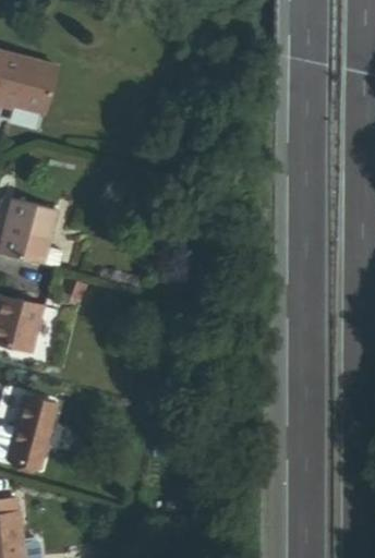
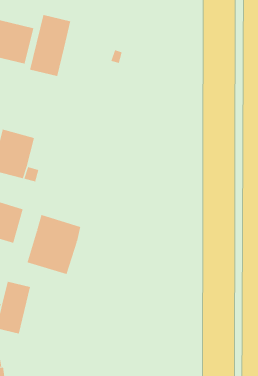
building: none -> [30,14,71,77]
building: none -> [27,214,81,275]

